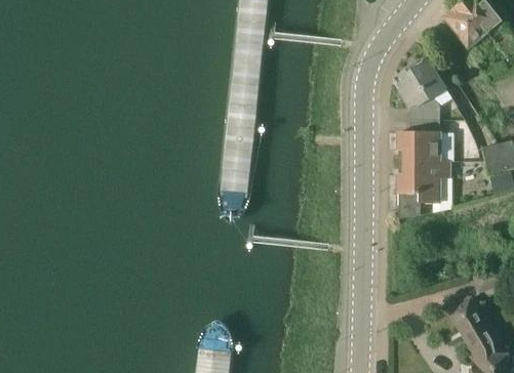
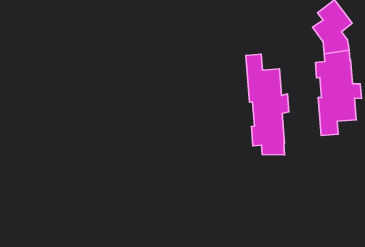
building: none -> [246,54,289,155]

